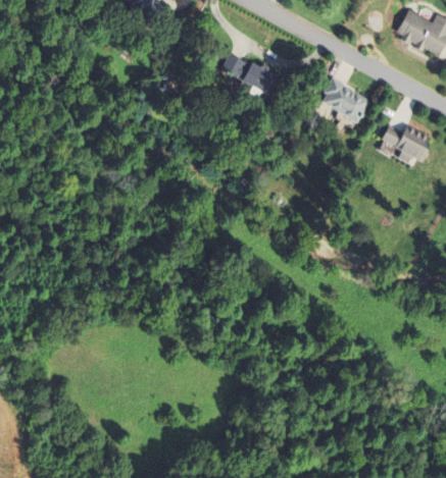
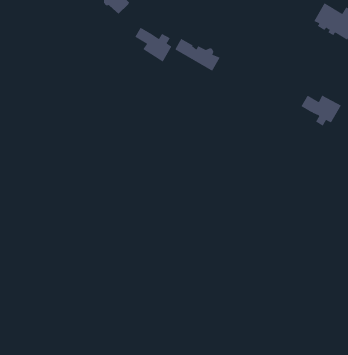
building: none -> [134,27,172,62]
building: [321,76,369,122] -> none

